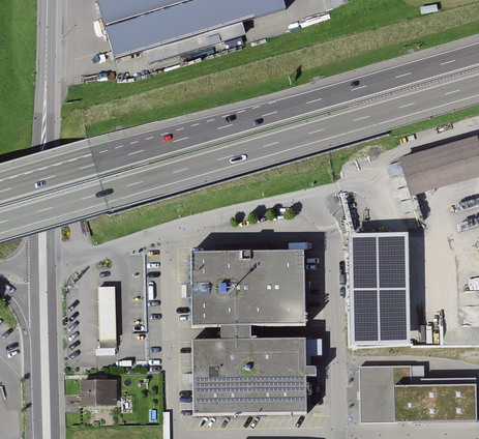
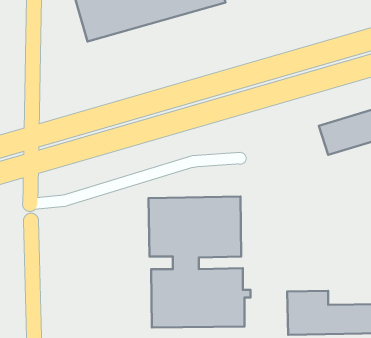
building: [348,233,412,344] -> none
building: [98,287,117,354] -> none
building: [83,381,117,407] -> none

